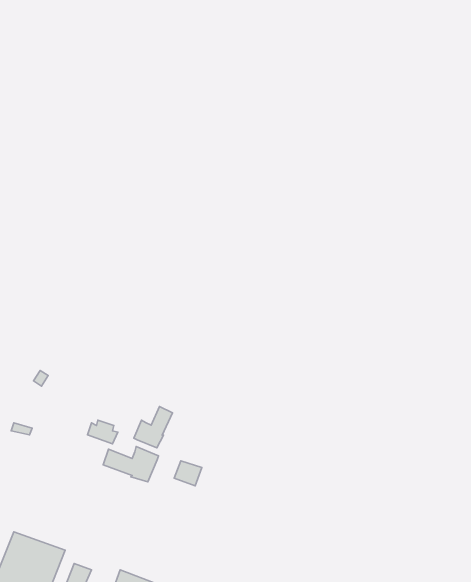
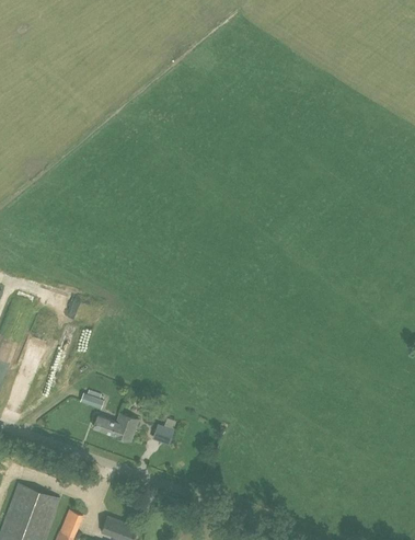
building: [134,406,172,448] -> none

